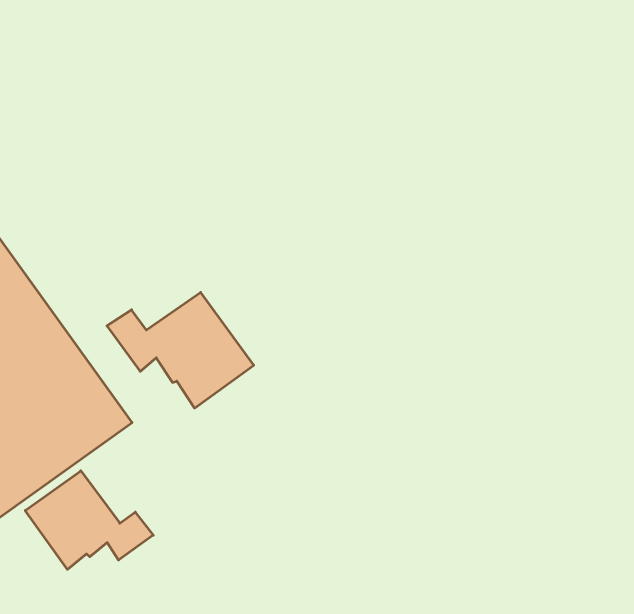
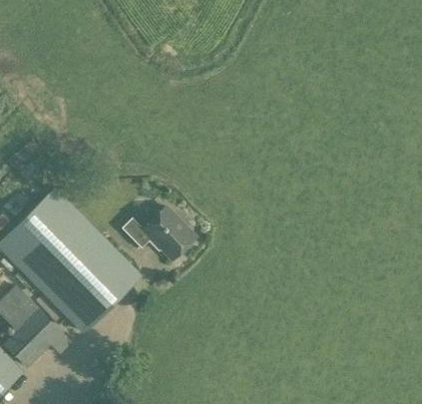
building: [25,471,153,569] -> none

